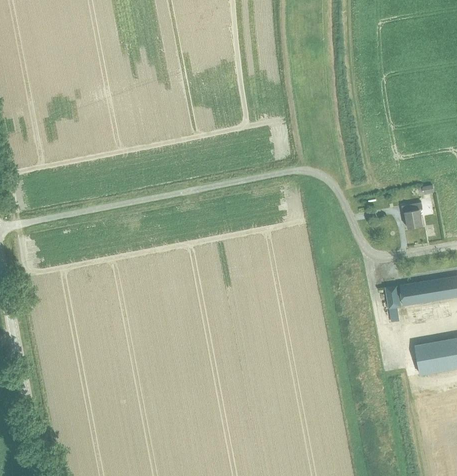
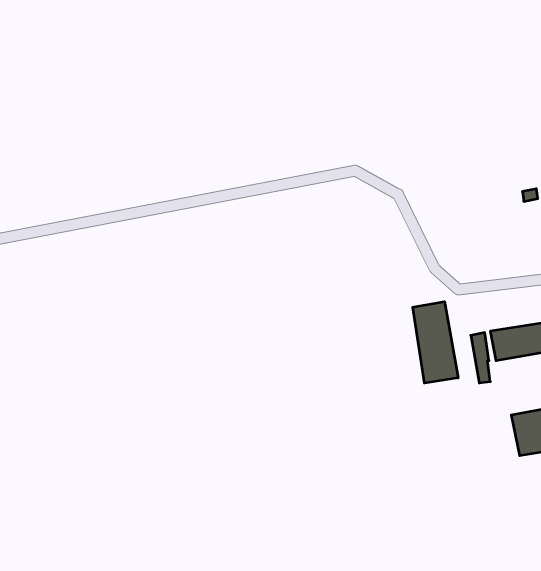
building: [400,203,421,229] -> none
building: none -> [413,302,458,383]

